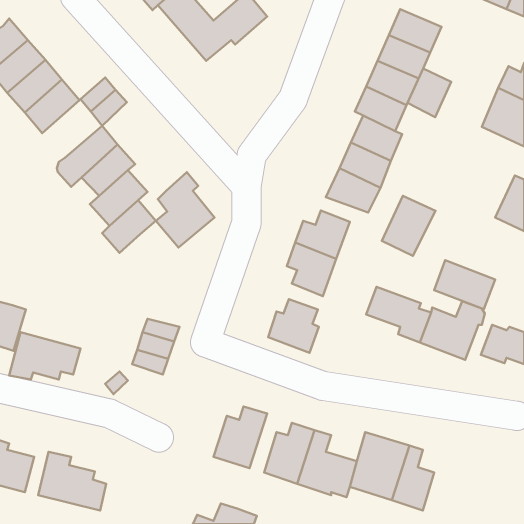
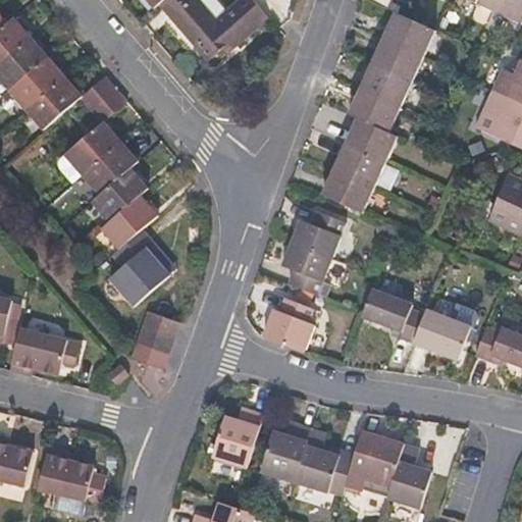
building: [408,69,451,117] -> none
building: [156,172,215,248] -> [108,231,166,306]
building: [382,196,435,256] -> none
building: [434,260,495,309] -> none

